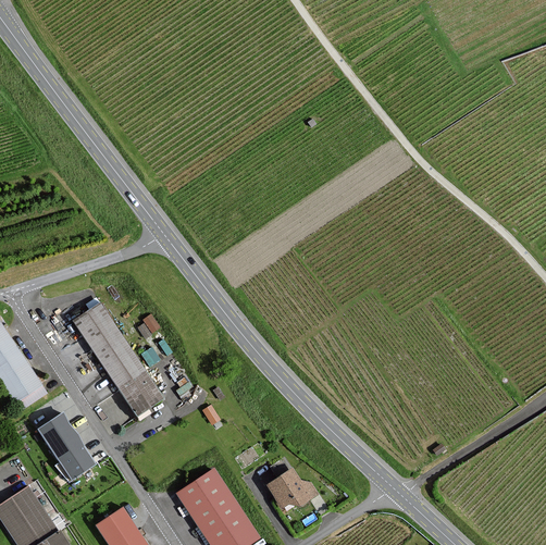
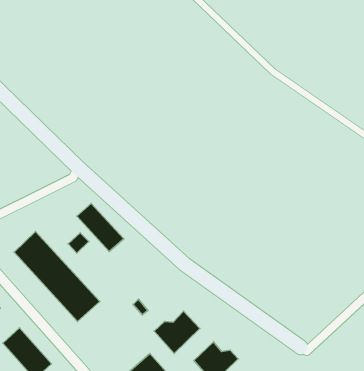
building: none -> [77,203,124,252]
building: none -> [154,311,200,354]

